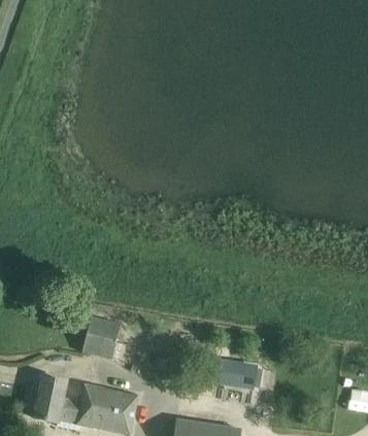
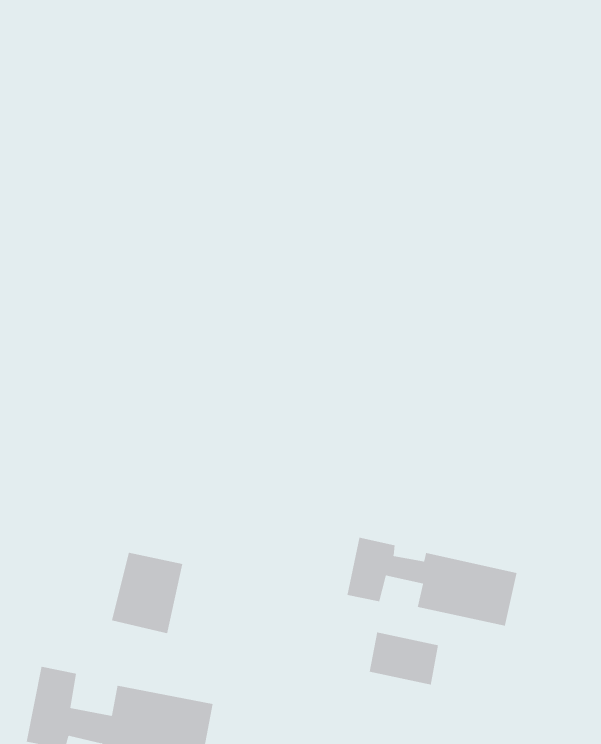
building: none -> [347,537,517,626]

